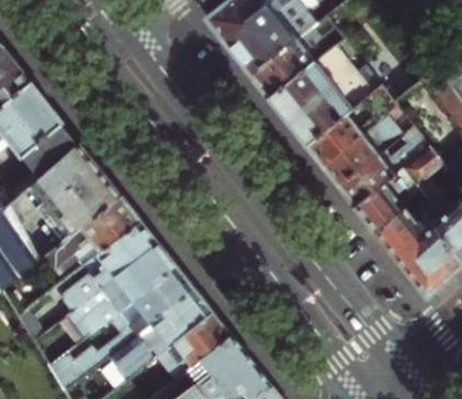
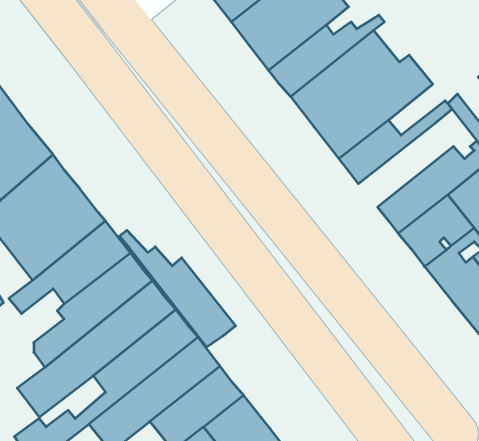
building: [324,118,401,186] -> none
building: none -> [119,230,236,347]

